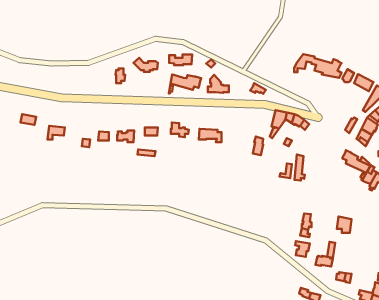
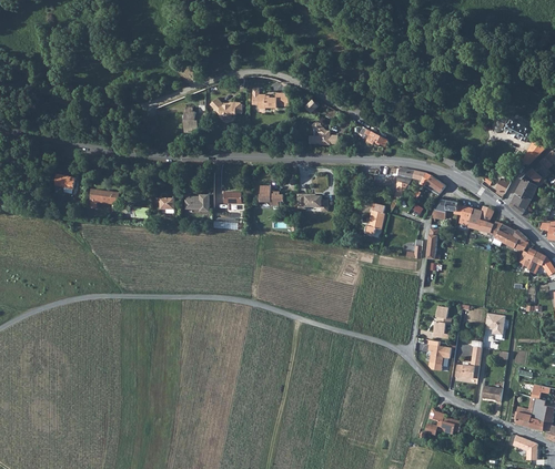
building: [294,54,342,78] -> [430,200,494,232]
building: [169,74,201,93] -> none

